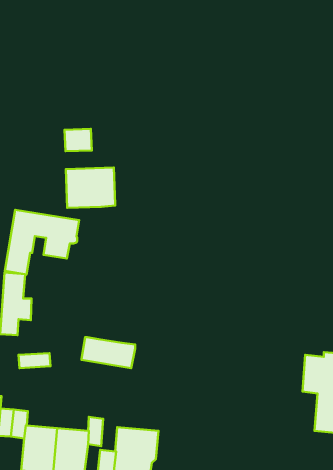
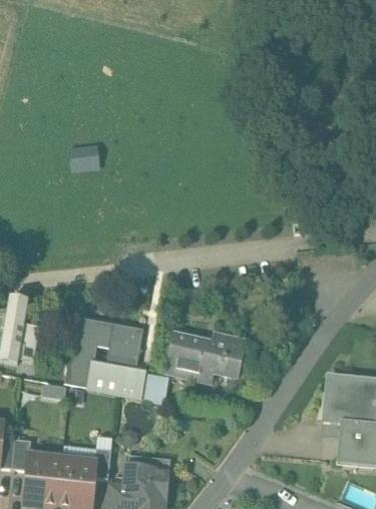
building: [66,168,115,208] -> none
building: [5,210,79,275] -> [65,317,144,386]
building: none -> [166,333,246,380]
building: none -> [141,375,167,400]

